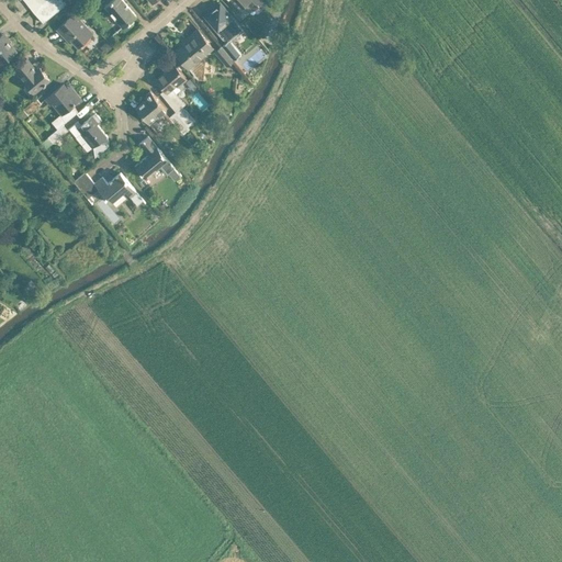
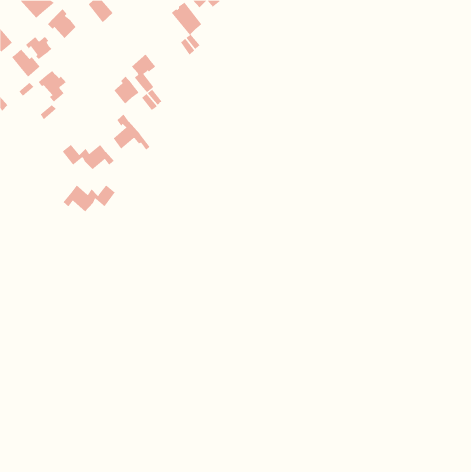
building: [175,29,212,79] -> none
building: none -> [25,36,52,60]
building: [69,112,108,157] -> none
building: none -> [63,184,116,212]

